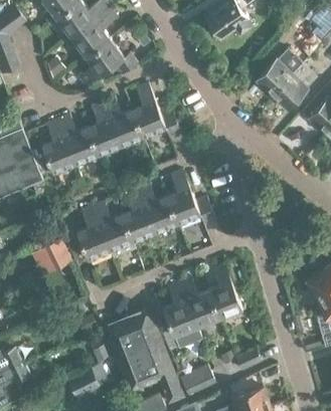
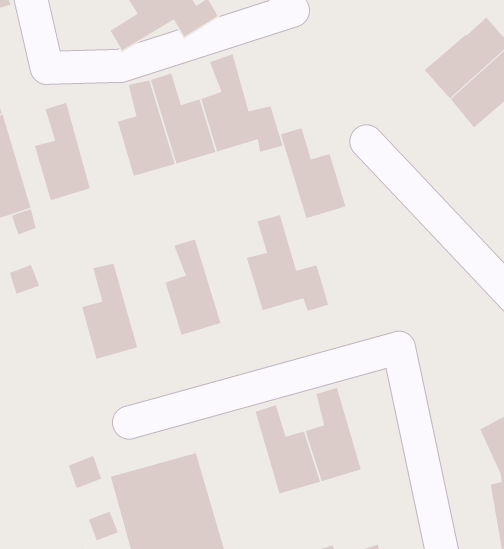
building: [57,115,99,166] -> none
building: [137,183,178,234] -> [280,127,346,219]
building: [93,201,136,258] -> none
building: [37,238,72,272] -> none
building: [163,281,202,349] -> none

